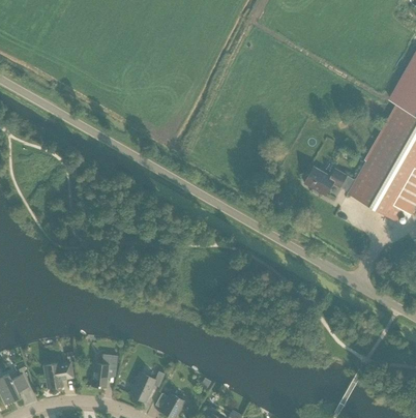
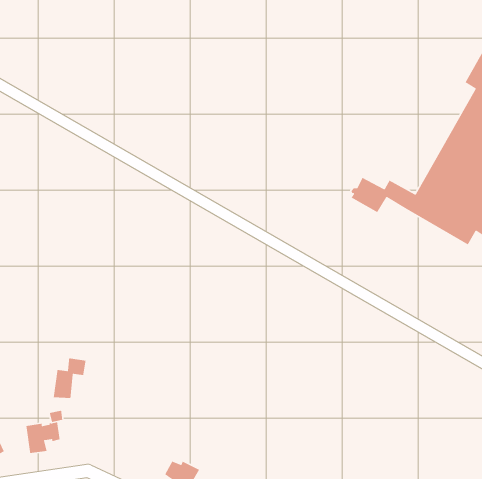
building: [89,354,116,387] -> [53,358,87,399]
building: [128,370,162,401] -> none

